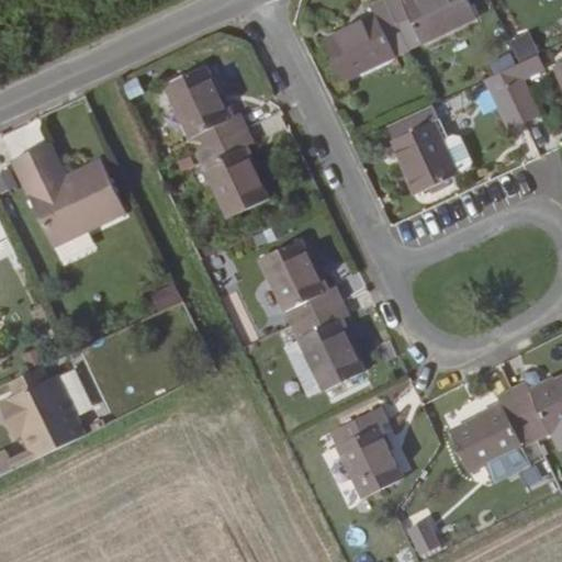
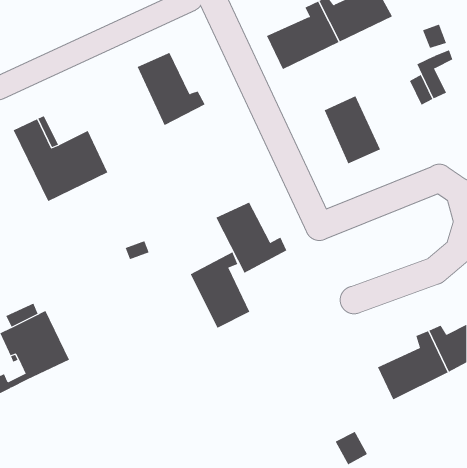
building: [196,125,263,214] -> none
building: [292,300,364,392] -> [190,251,250,328]
building: [330,407,404,502] -> none

